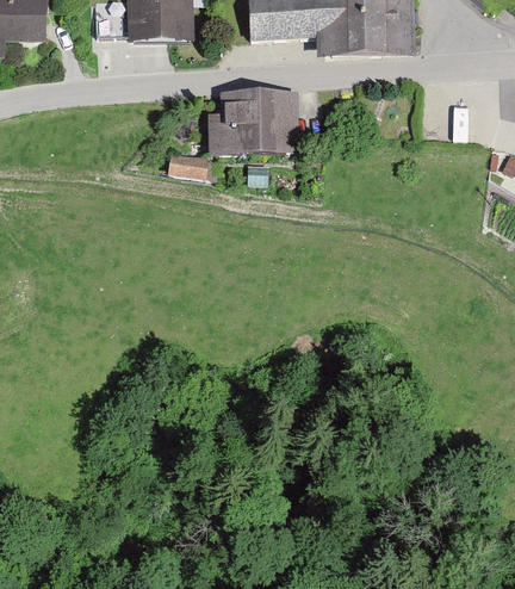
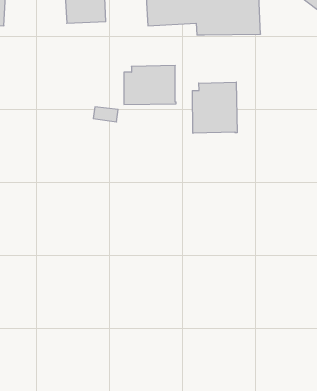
building: none -> [192,82,237,133]

